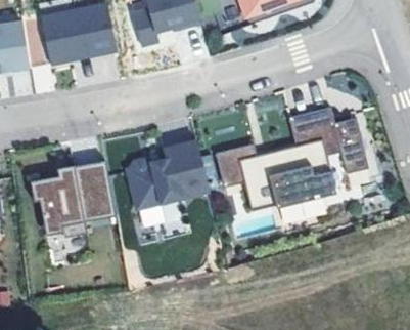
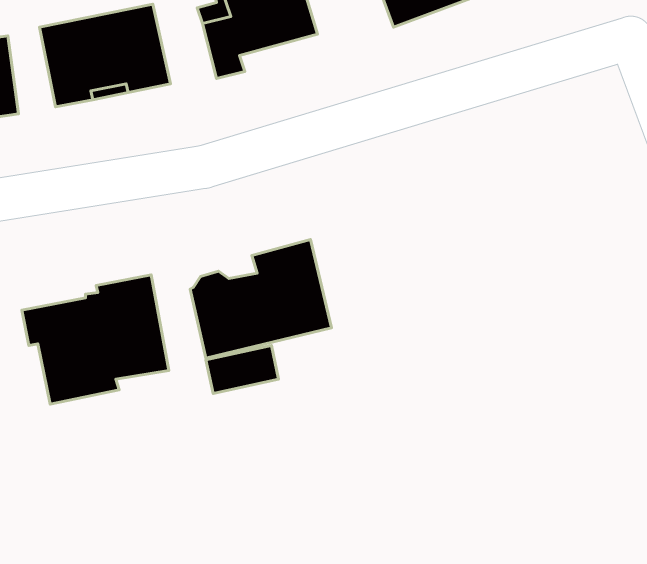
building: [217,107,370,211] -> none

